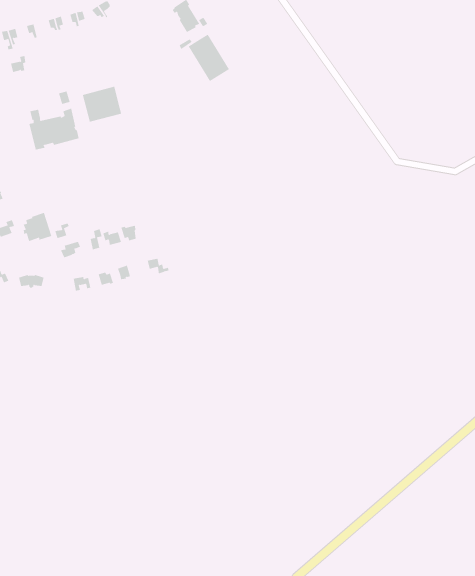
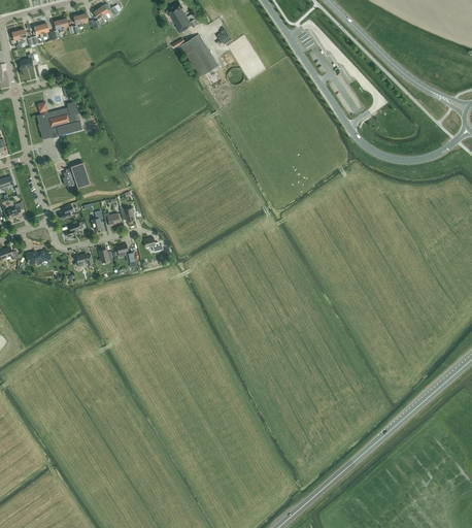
building: [82,86,122,123] -> none
building: [23,212,52,242] -> [63,162,90,189]

